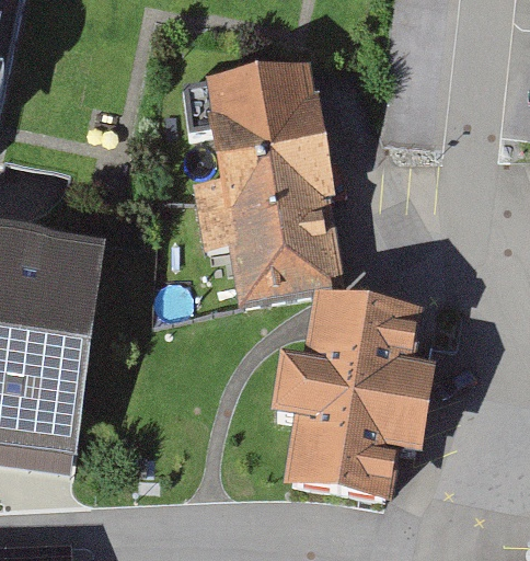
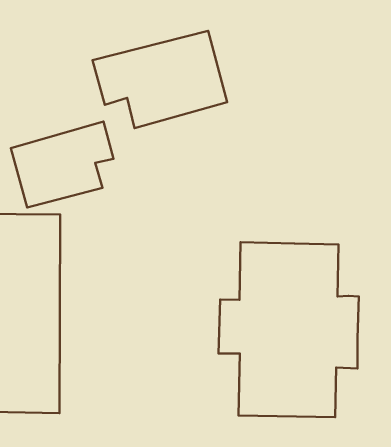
building: [193,145,338,298] -> none
building: none -> [11,122,114,207]

